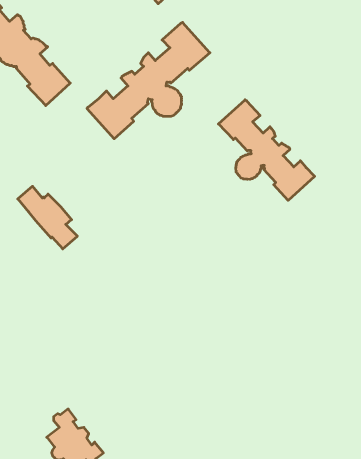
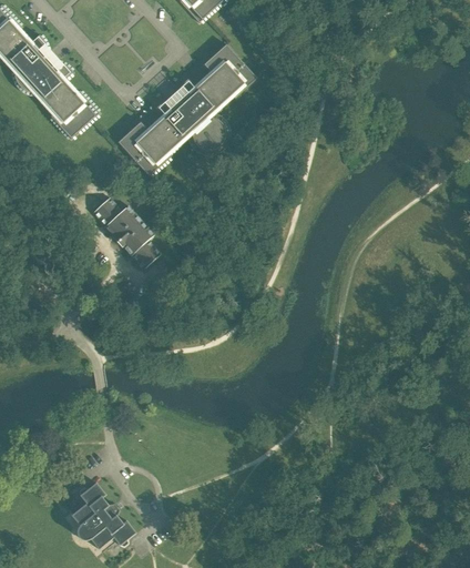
building: [218,100,315,200] -> none
building: [18,186,77,249] -> [92,196,160,267]

